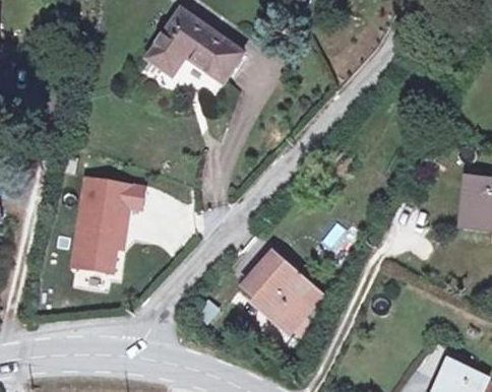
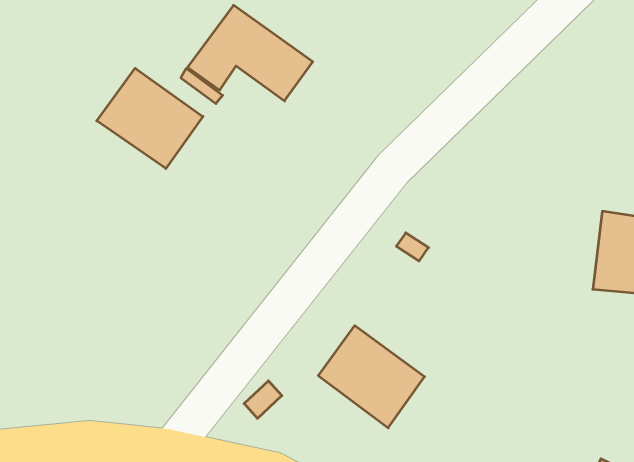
building: none -> [97,68,203,169]
building: [74,183,145,275] -> none

